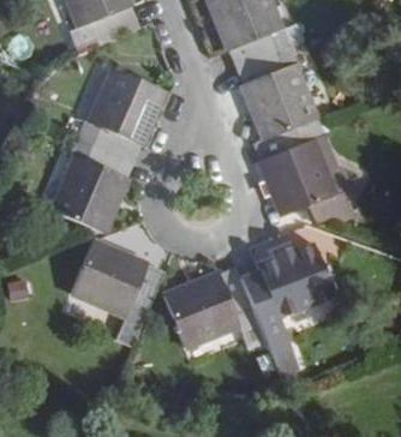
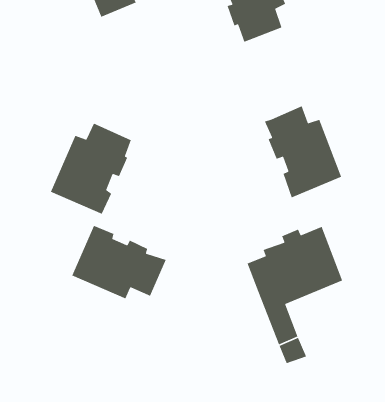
building: [239,52,316,139] -> none
building: [89,67,163,160] -> none
building: [163,270,252,345] -> none

